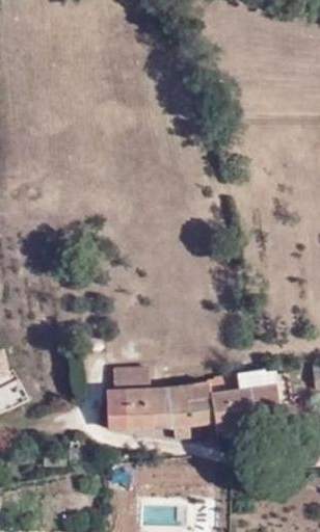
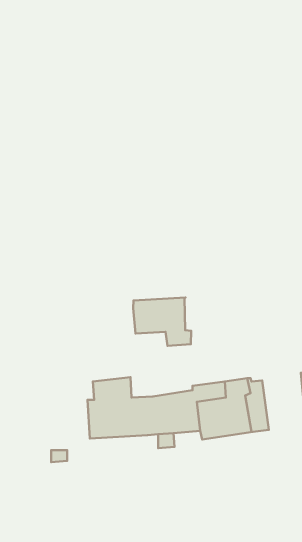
building: none -> [133,298,191,346]

